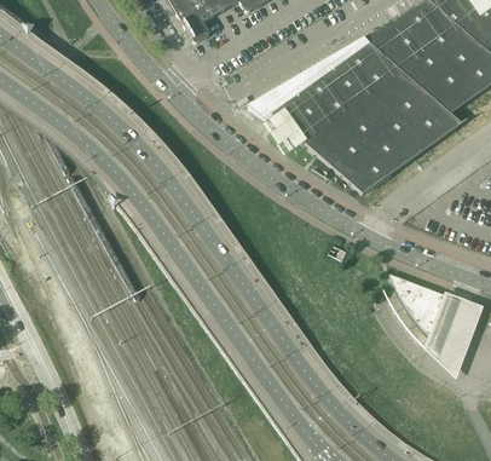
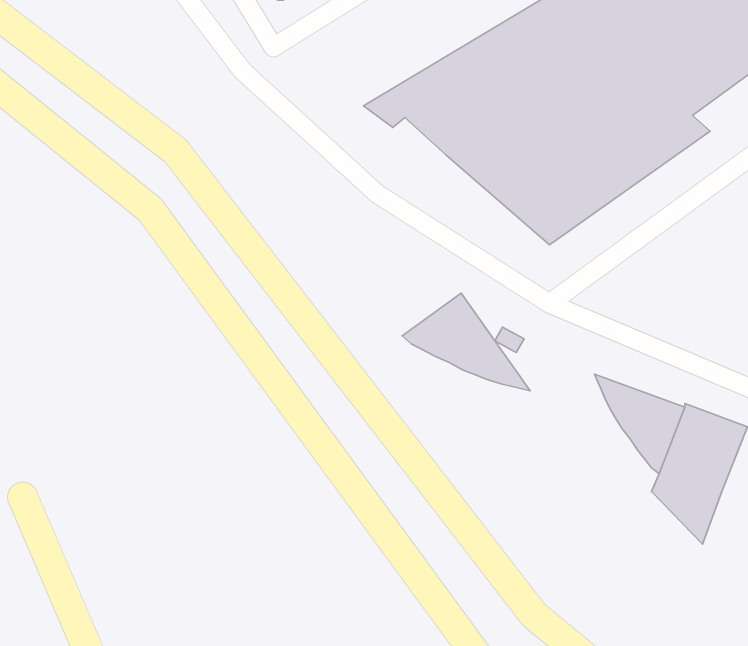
building: none -> [402,293,530,391]

